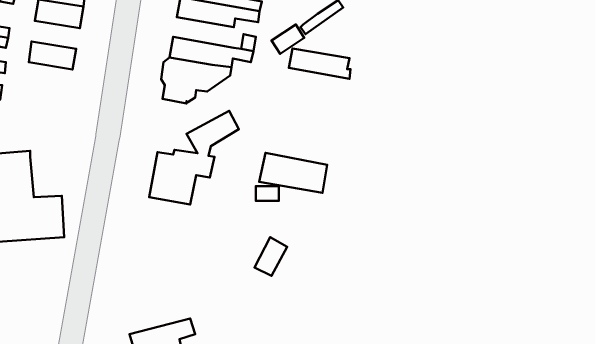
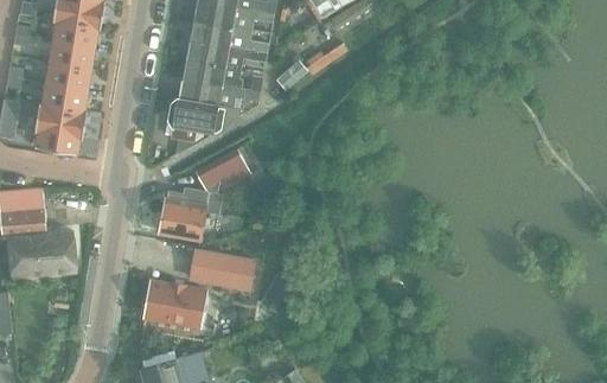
building: none -> [44,62,91,89]
building: [289,48,351,79] -> [183,58,243,88]
building: none -> [34,102,87,152]
building: [259,153,327,193] -> [189,249,255,288]
building: none -> [143,281,205,326]

